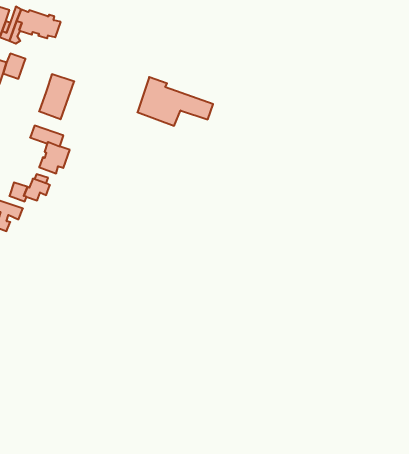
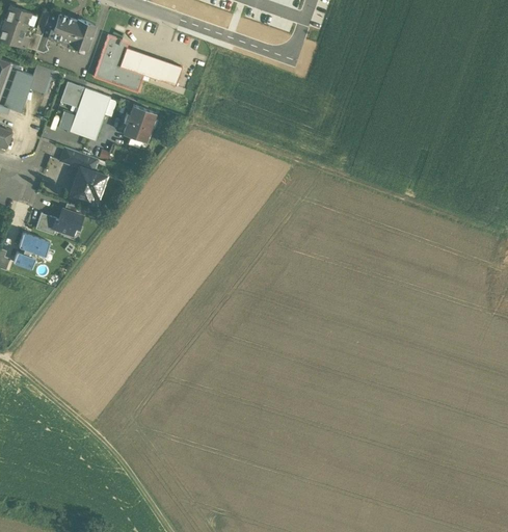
building: none -> [60,81,84,108]
building: [137,77,213,126] -> [95,35,182,91]
building: none -> [123,105,155,141]

